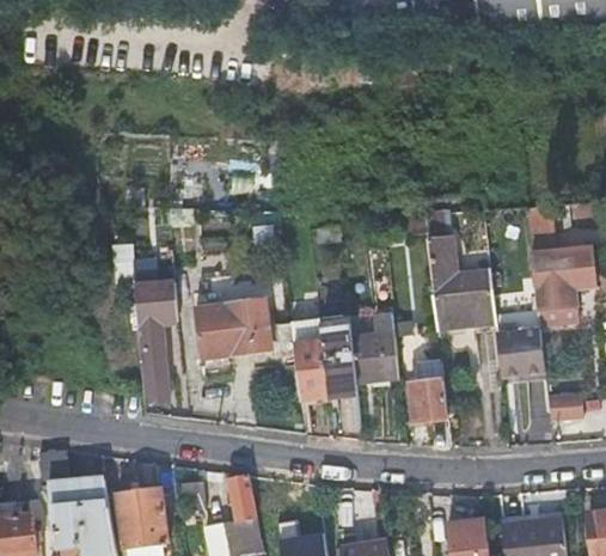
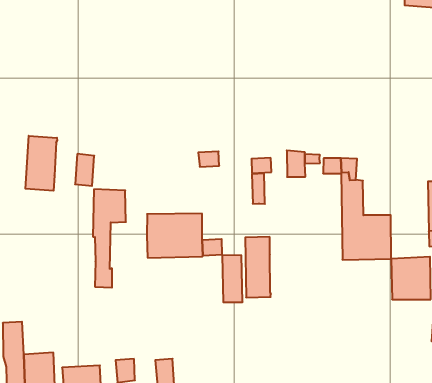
building: none -> [25,136,57,191]
building: [349,320,397,380] -> none
building: [406,358,445,418] -> none

